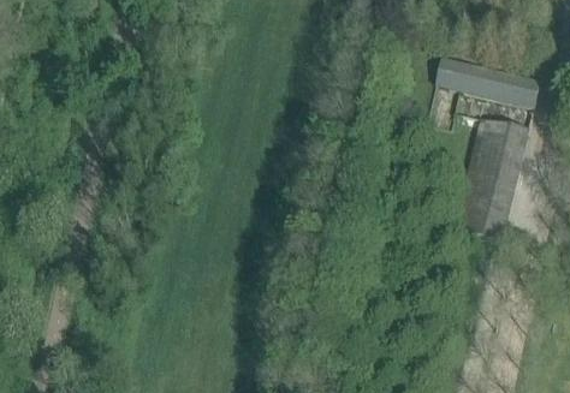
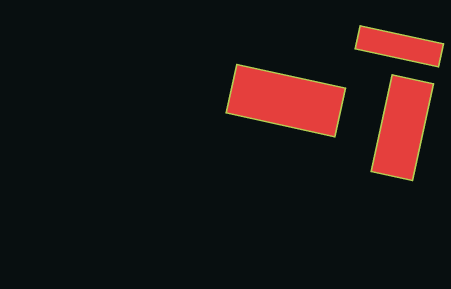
building: none -> [226,64,345,137]

